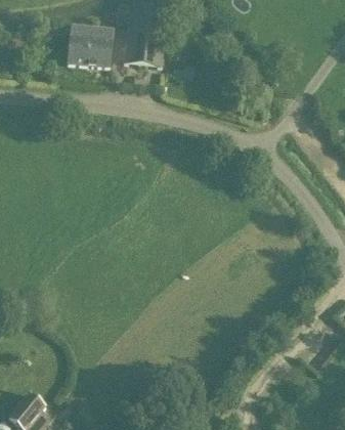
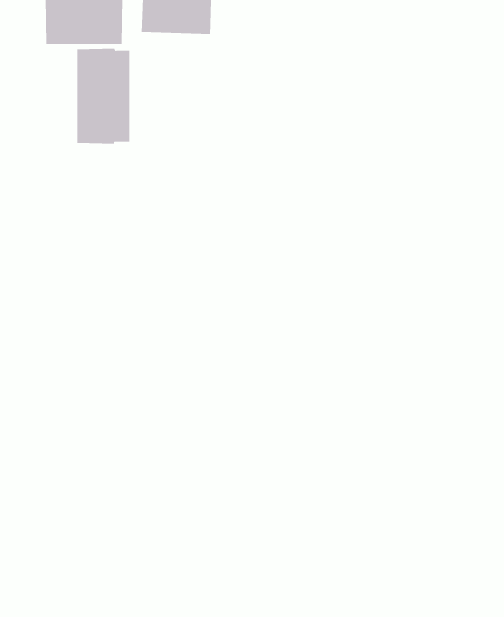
building: none -> [77,48,130,145]

